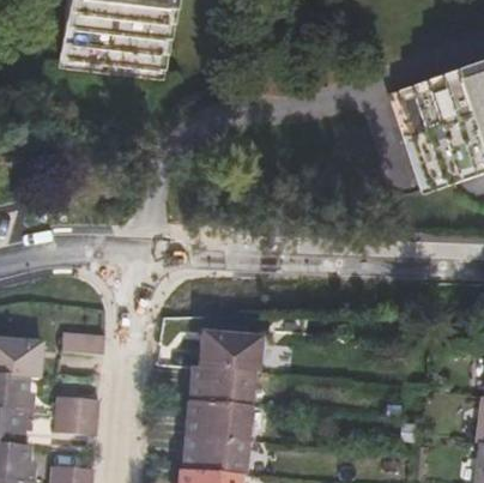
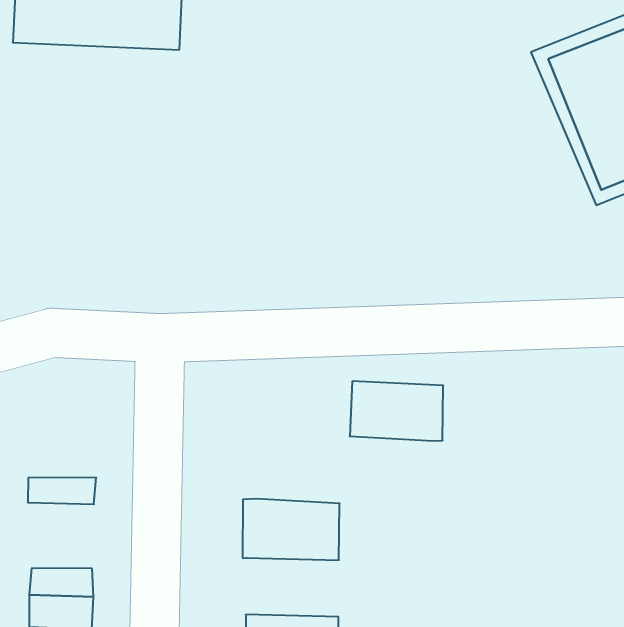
building: [202,327,264,368] -> [350,381,443,441]
building: [192,399,253,440] -> none

